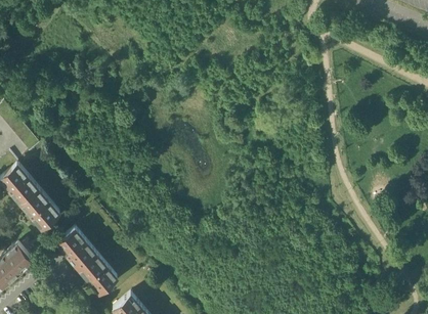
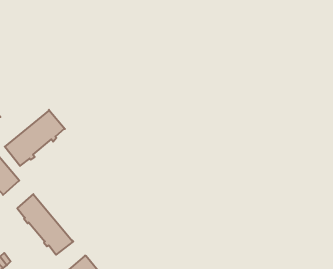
building: none -> [5,110,65,166]

